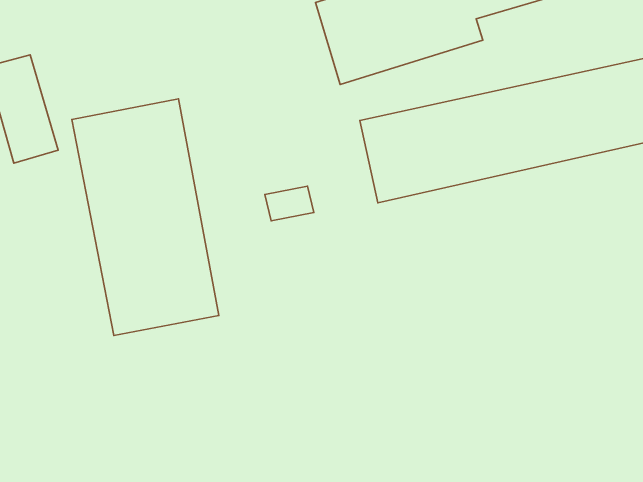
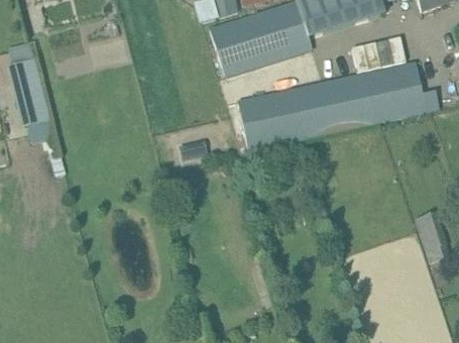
building: [72,99,219,335] -> none

